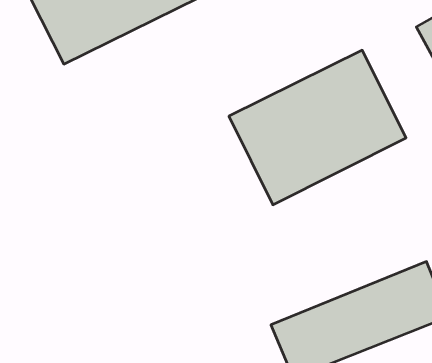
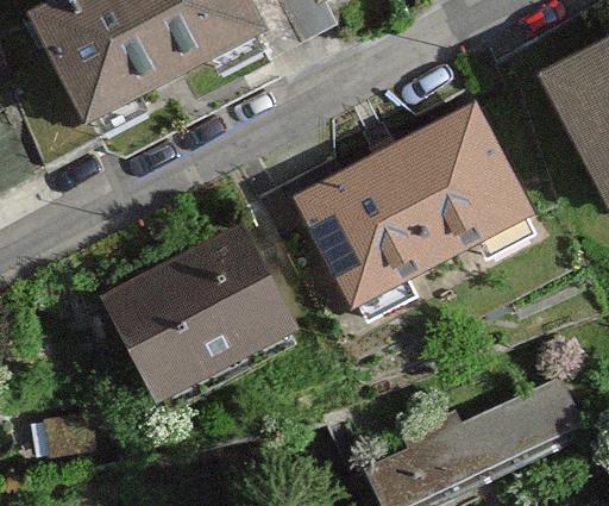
building: none -> [108,230,288,395]

